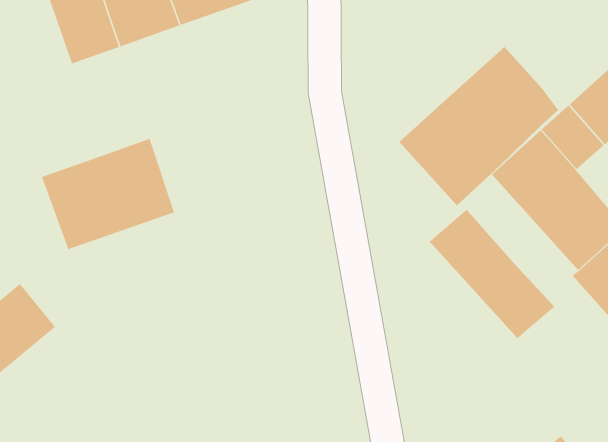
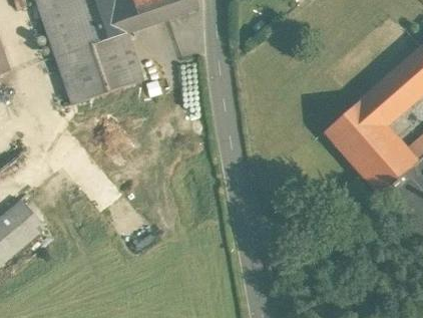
building: [399,46,559,206] -> none
building: [41,138,175,250] -> [56,31,142,103]
building: [429,209,555,339] -> none

